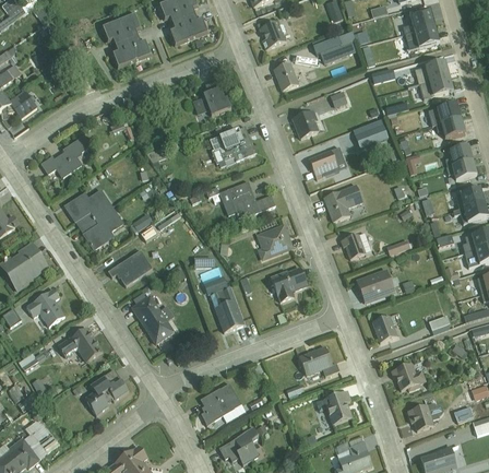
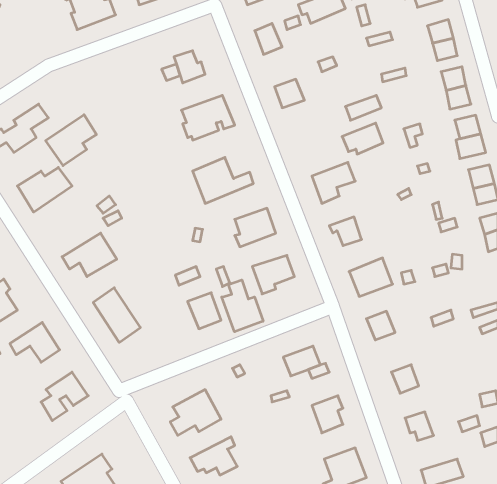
building: [309,149,345,176] -> [342,123,383,154]
building: [80,205,124,250] -> [46,115,96,166]
building: none -> [222,280,263,332]

